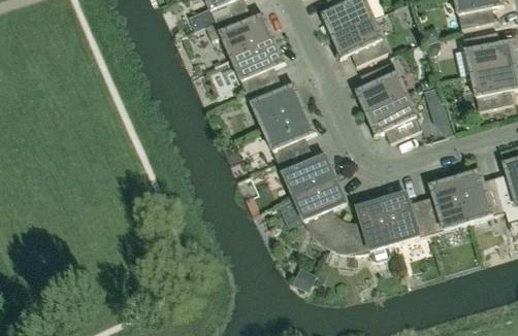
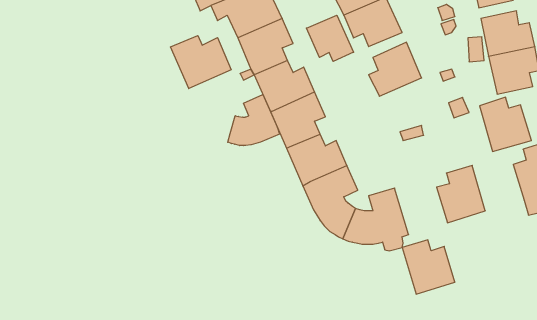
building: none -> [306,15,354,61]
building: none -> [171,36,231,89]
building: [366,95,422,142] -> none
building: none -> [228,95,279,146]
building: [455,170,505,222] -> [480,97,531,151]
building: [381,193,431,244] -> [402,240,455,294]

